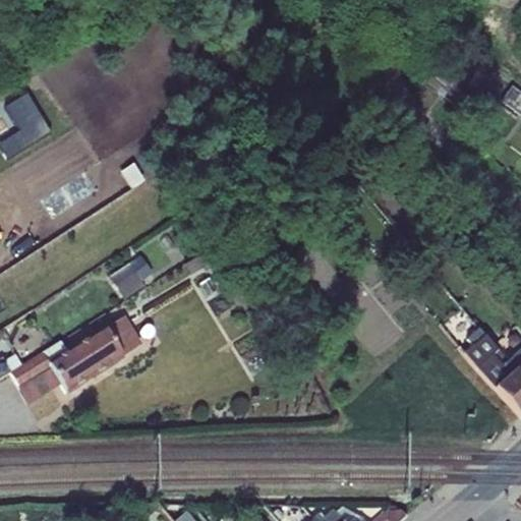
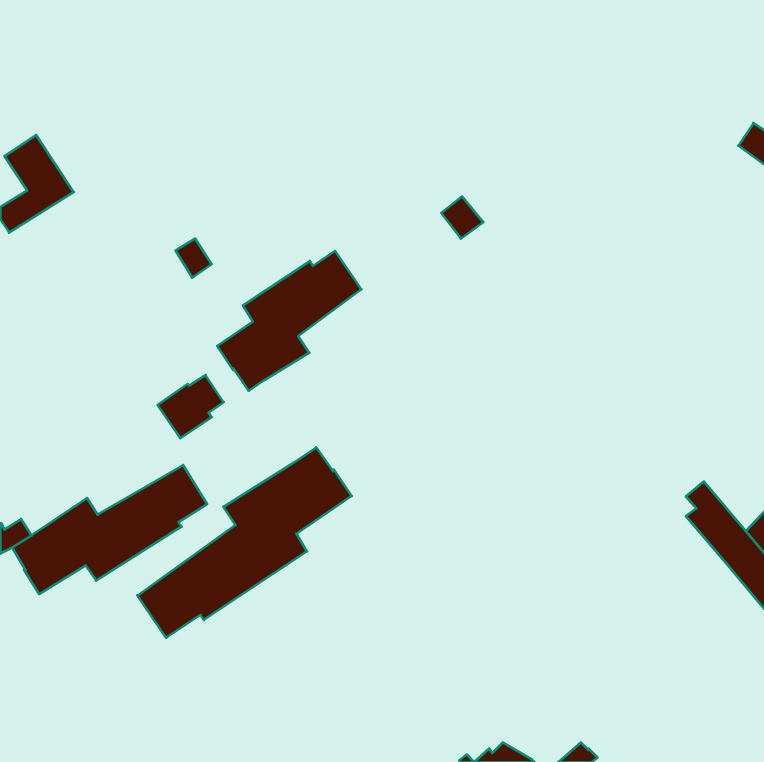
building: none -> [217,251,361,391]
building: none -> [137,447,352,638]

